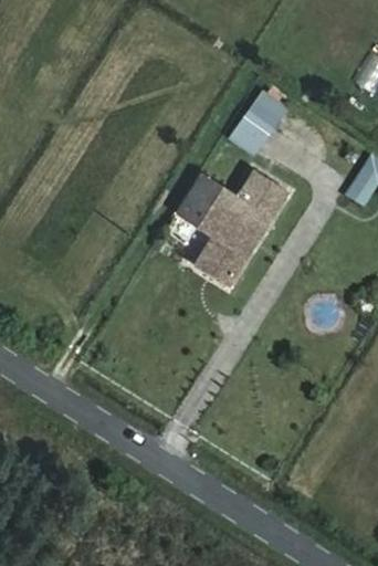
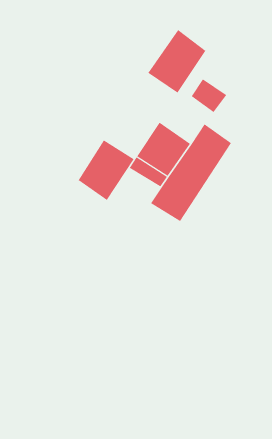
building: none -> [148,29,206,93]
building: none -> [78,139,135,201]

